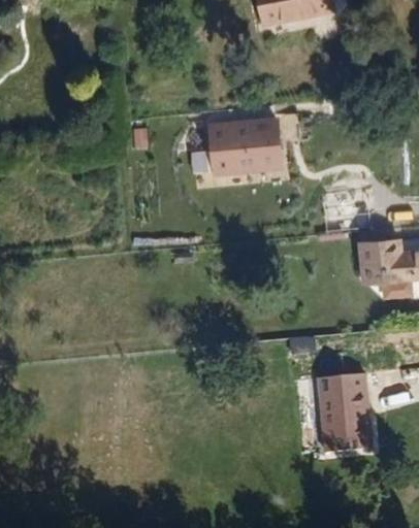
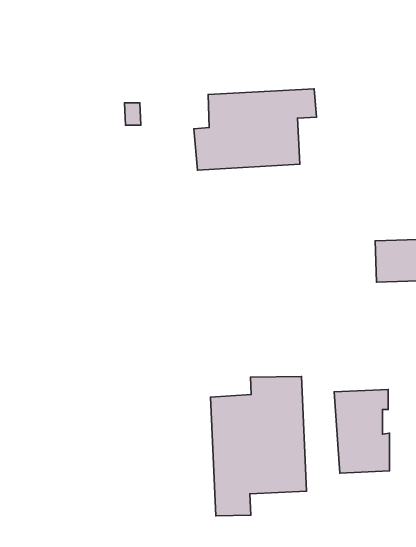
building: none -> [211,376,306,516]

